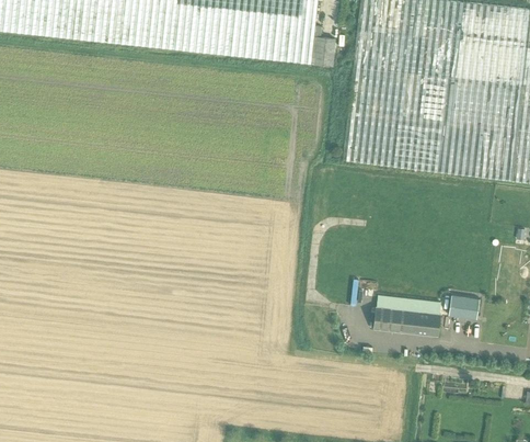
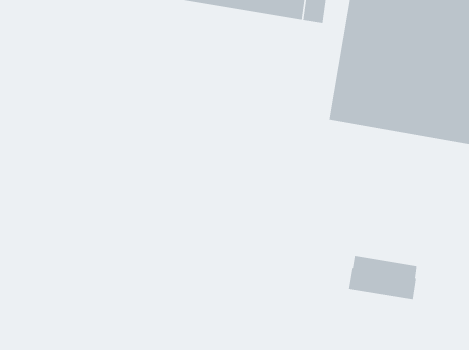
building: [450,296,481,320] -> none

